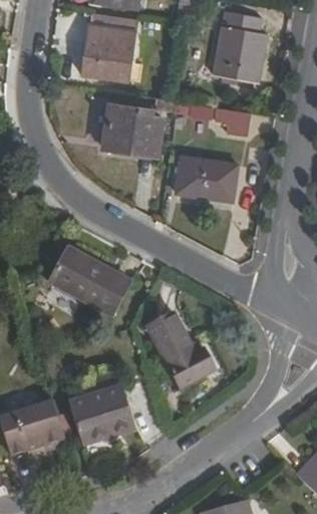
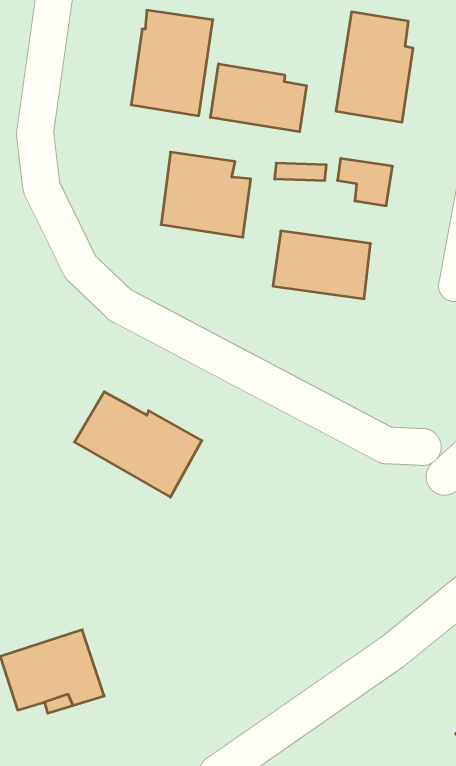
building: none -> [210,64,307,132]
building: [148,312,215,390] -> none
building: [71,391,130,447] -> none

